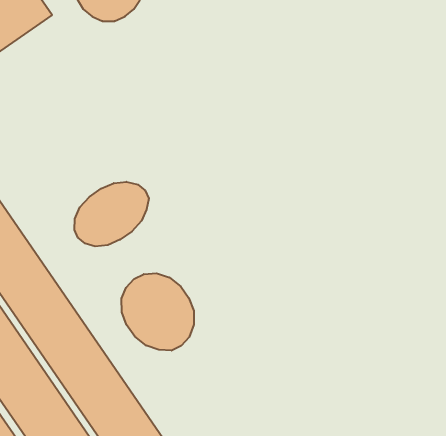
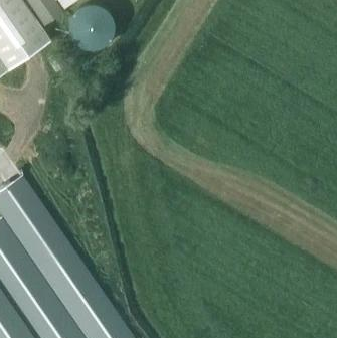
building: [74,182,149,246] -> none
building: [122,273,194,351] -> none

